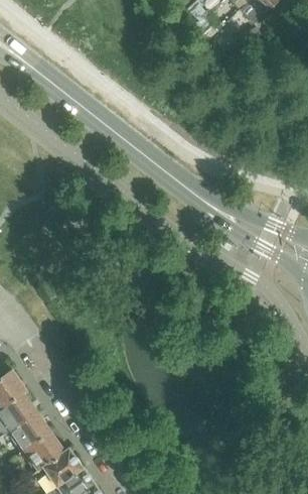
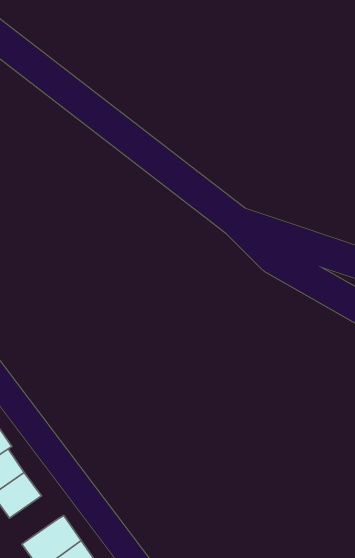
building: [24,430,63,468] -> none

